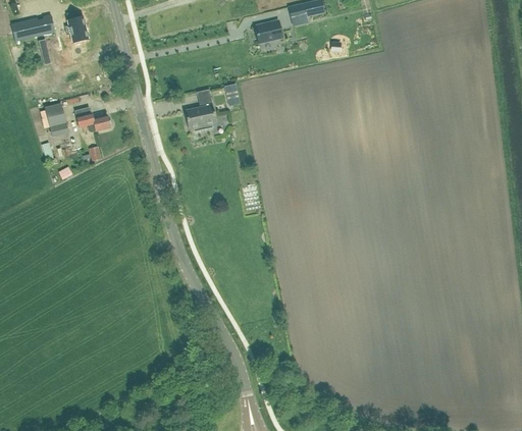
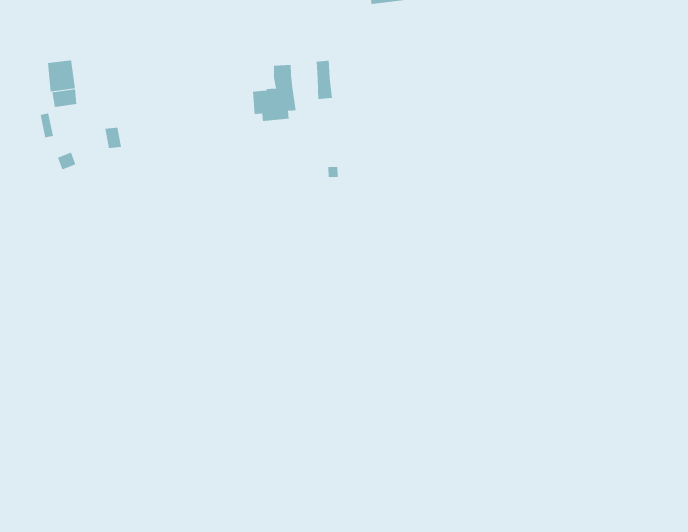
building: [75,109,111,132] -> none

